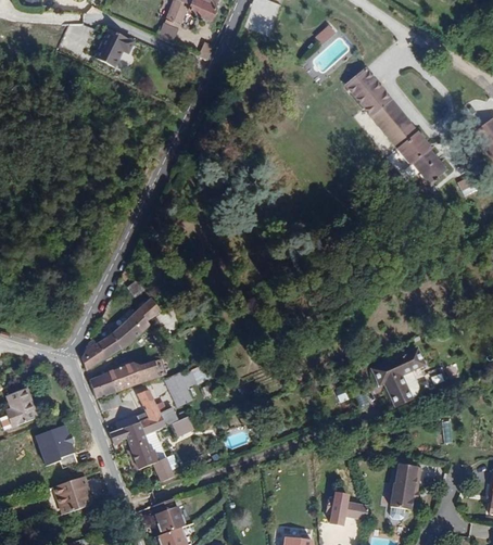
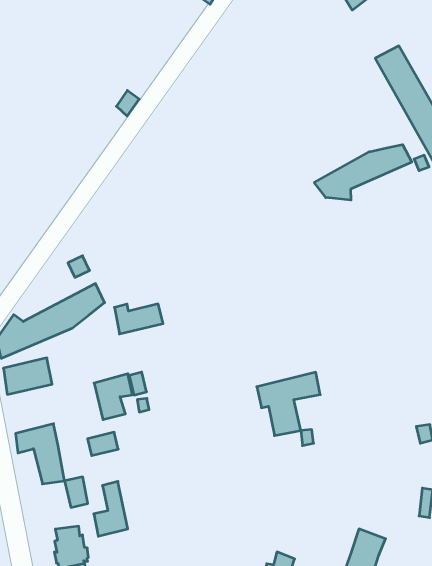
building: none -> [314,145,412,200]
building: [372,347,425,404] -> [257,372,320,436]
building: [124,357,165,386] -> [114,304,163,334]
building: [138,389,167,435] -> [94,481,128,536]

